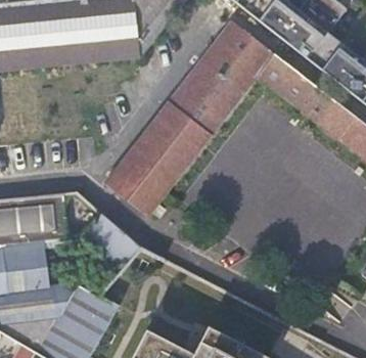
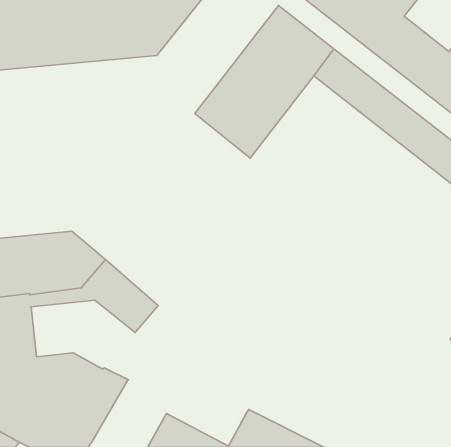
building: [101,102,211,222] -> none

